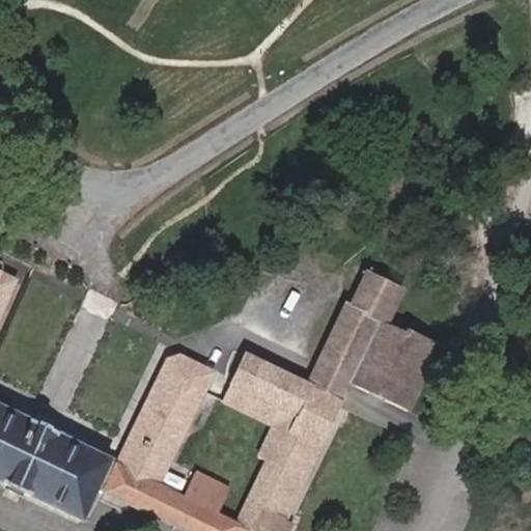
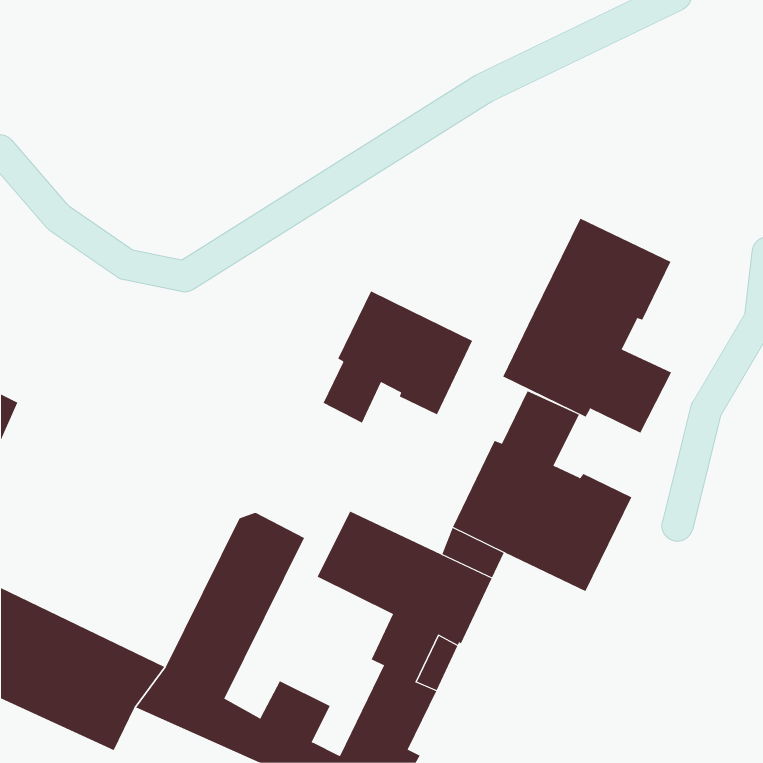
building: none -> [503,218,672,433]
building: none -> [323,291,473,424]

